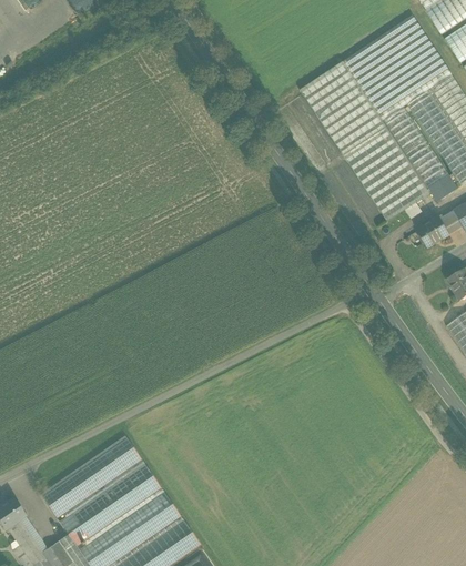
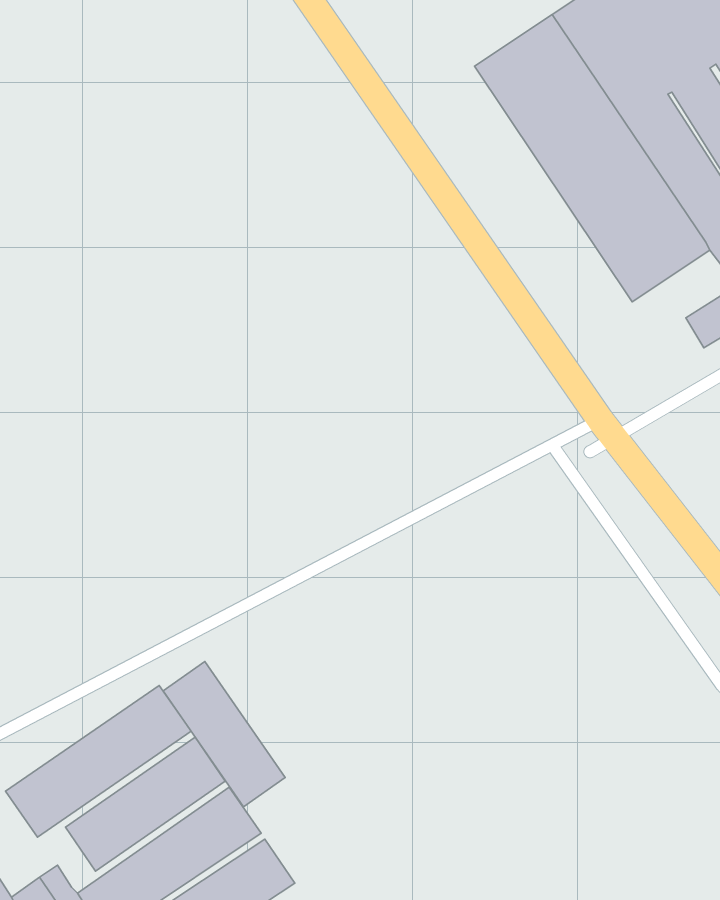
building: none -> [163,662,285,807]
building: [59,513,89,546] -> none

